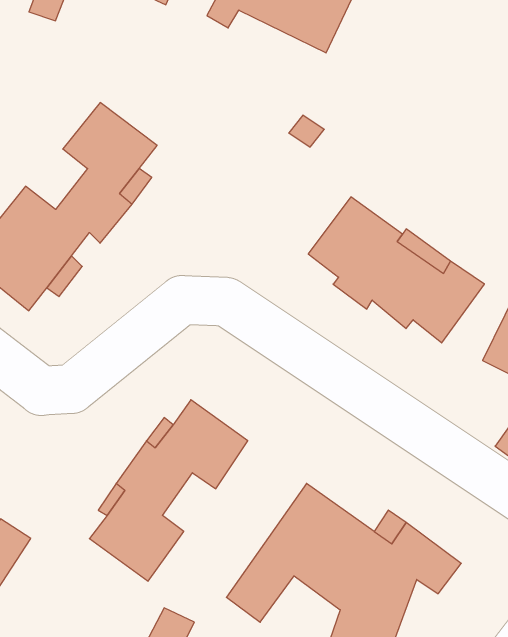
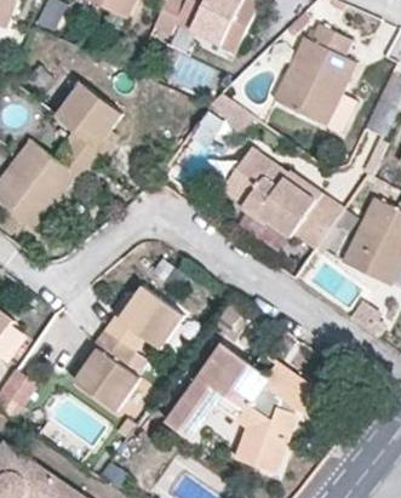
building: none -> [273,25,354,126]

